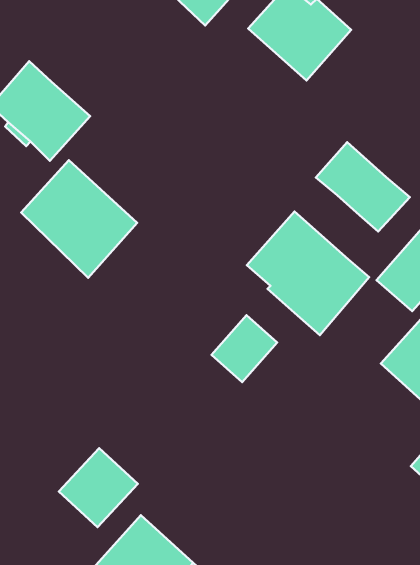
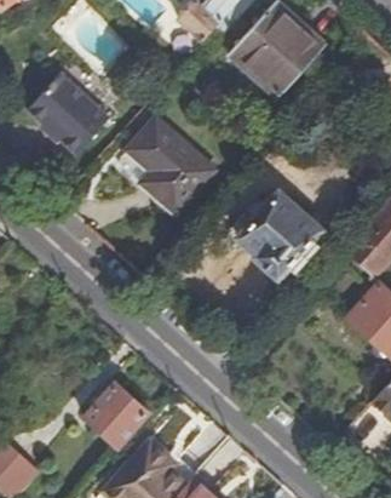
building: [316,142,410,231] -> none
building: [21,160,137,278] -> [121,115,215,211]
building: [211,315,277,382] -> none

